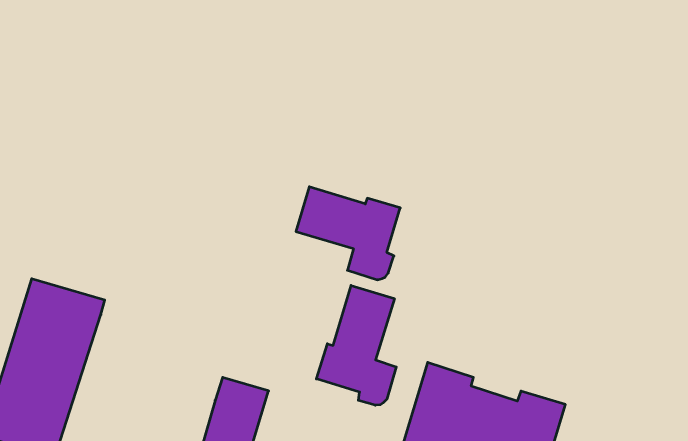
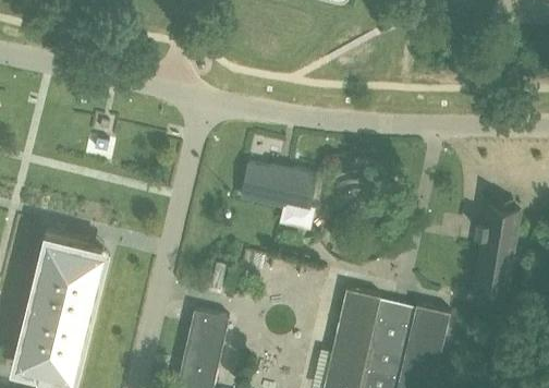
building: none -> [474,199,517,303]
building: [316,285,396,405] -> none

